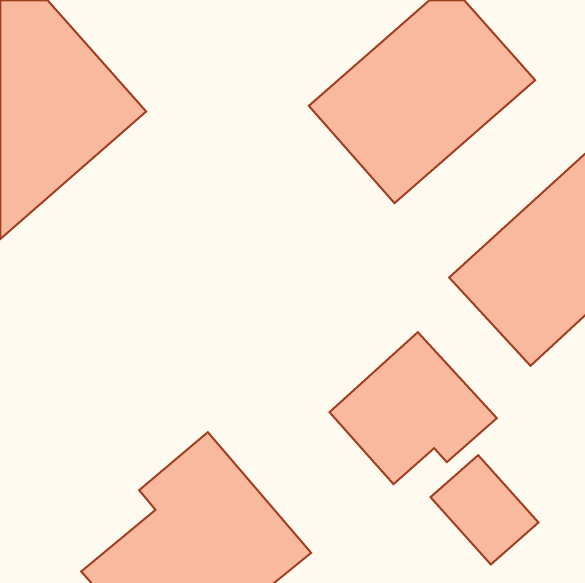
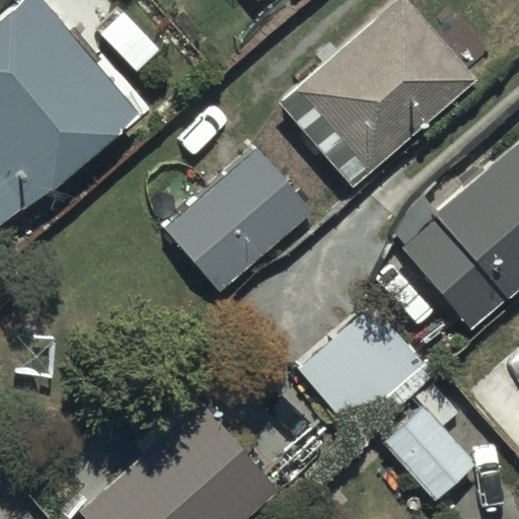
building: none -> [176,159,315,292]

